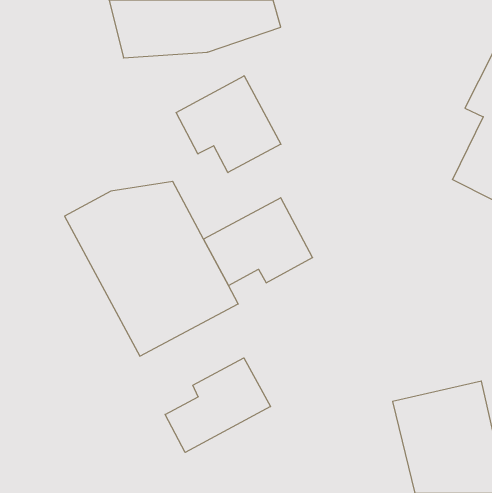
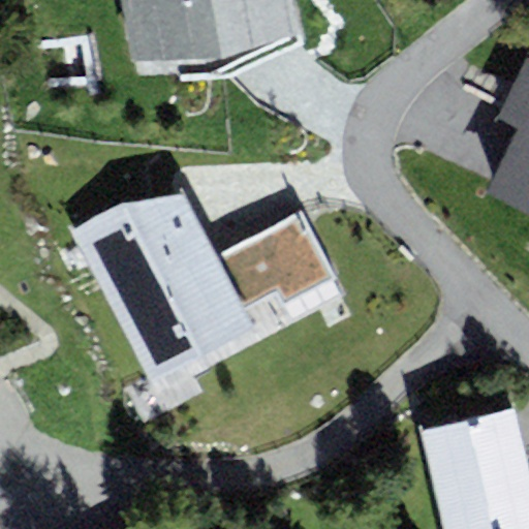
building: [176,76,281,173] -> none
building: [165,358,271,452] -> none

